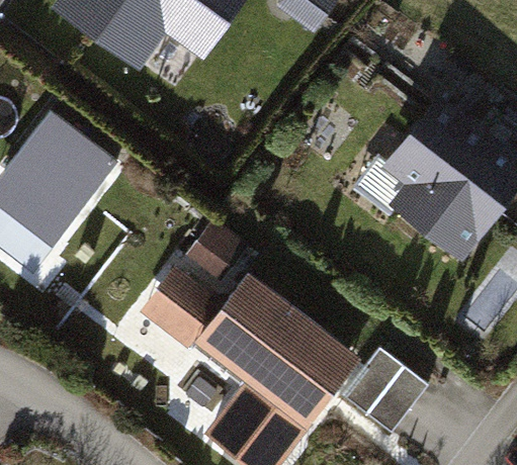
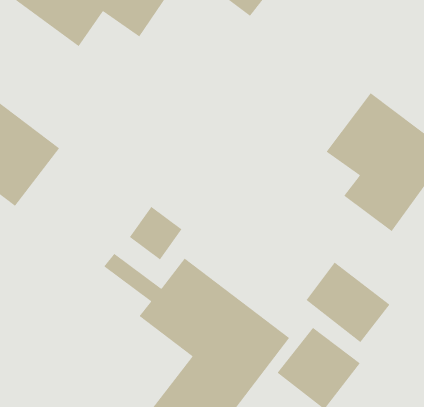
building: none -> [306,261,391,343]

